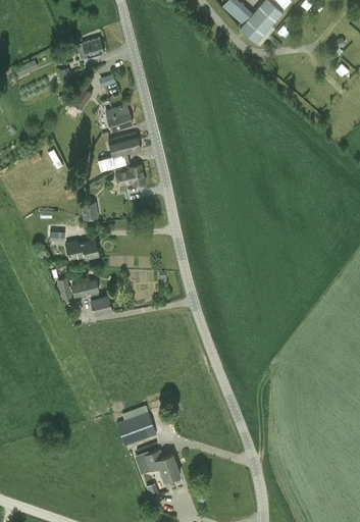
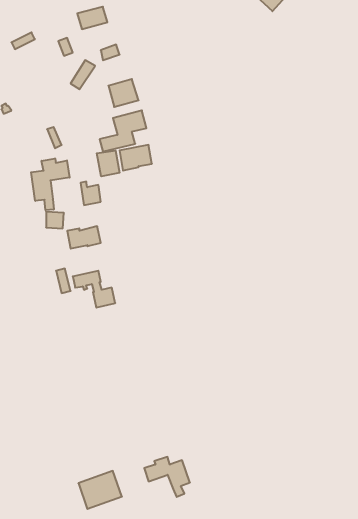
building: none -> [97,151,120,176]
building: none -> [31,158,70,210]
building: [116,411,156,446] -> [78,471,122,509]

